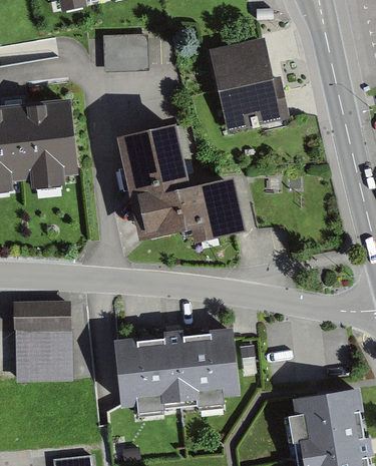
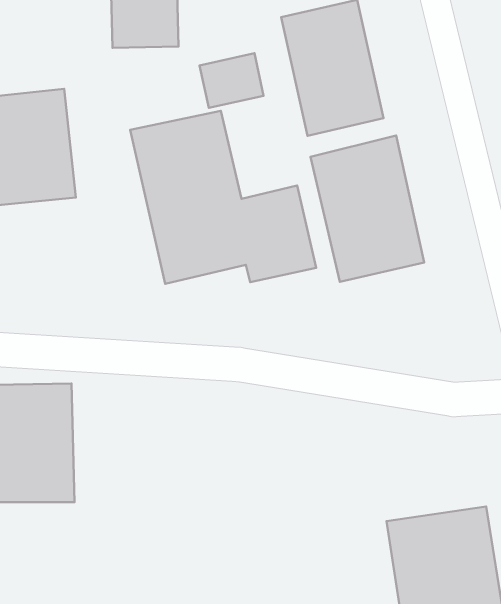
building: none -> [200,53,264,108]
building: none -> [310,136,424,282]
building: [112,328,229,403] -> none

